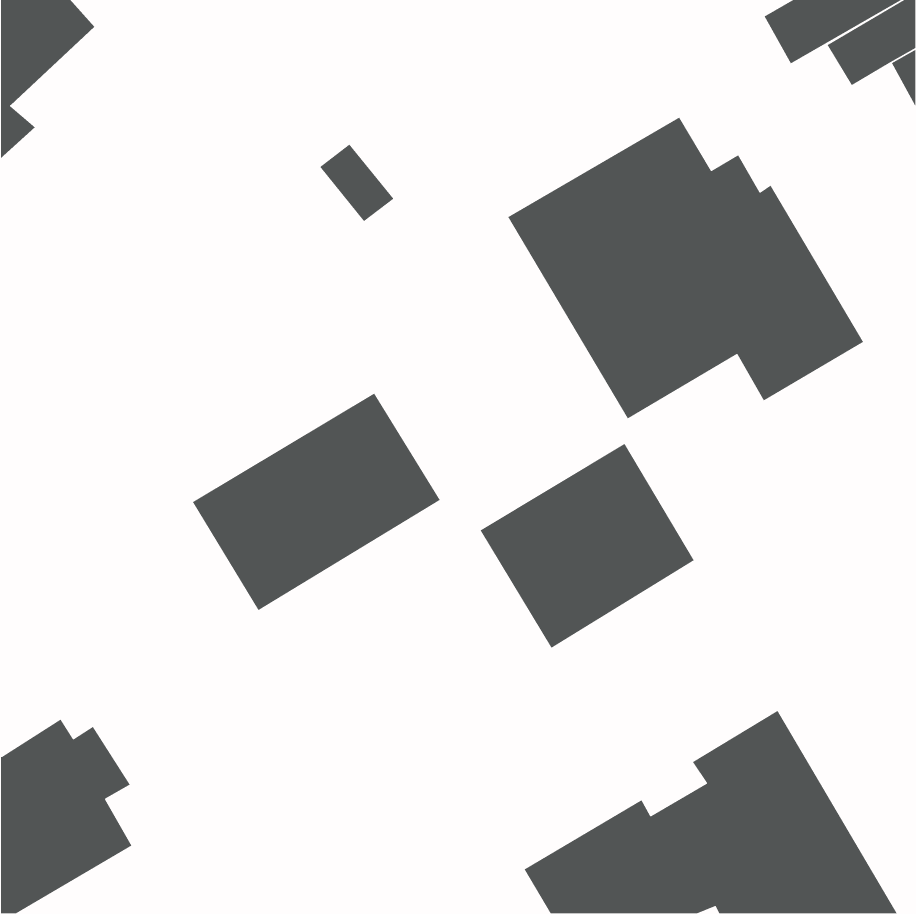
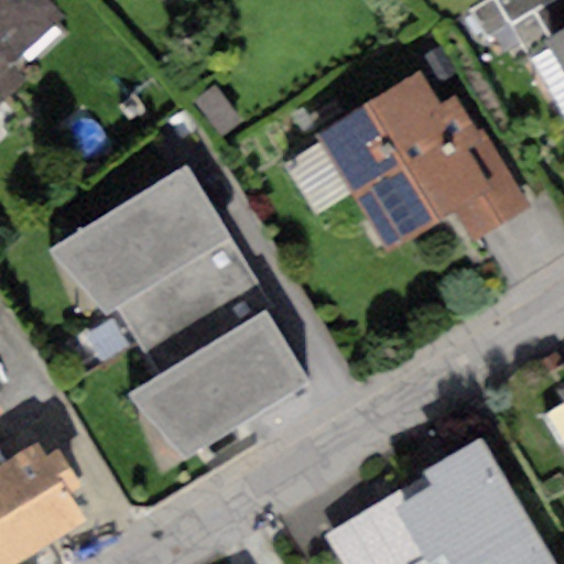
building: none -> [47,164,230,317]
building: [480,443,695,649] -> none
building: none -> [124,307,313,457]

